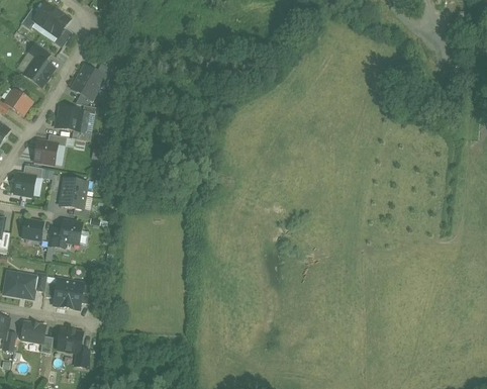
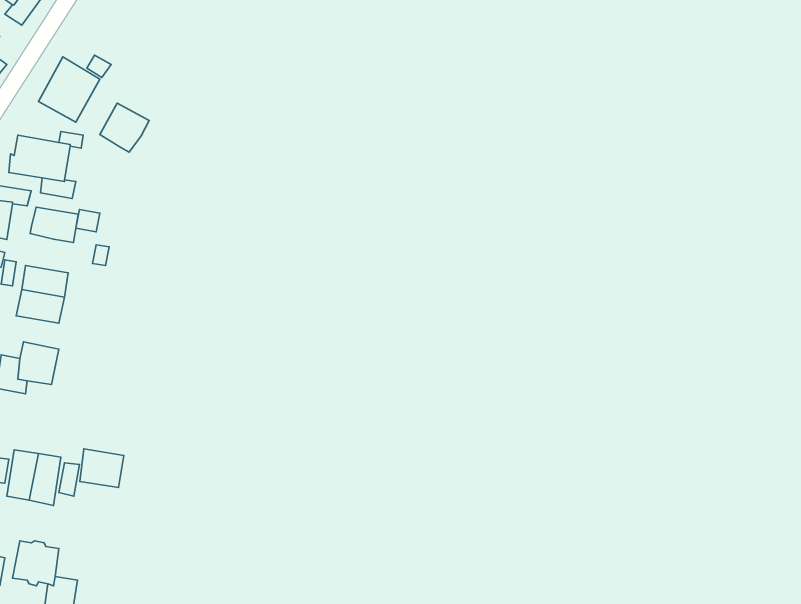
building: none -> [100,103,149,152]
building: none -> [30,207,78,242]
building: none -> [80,449,124,487]

